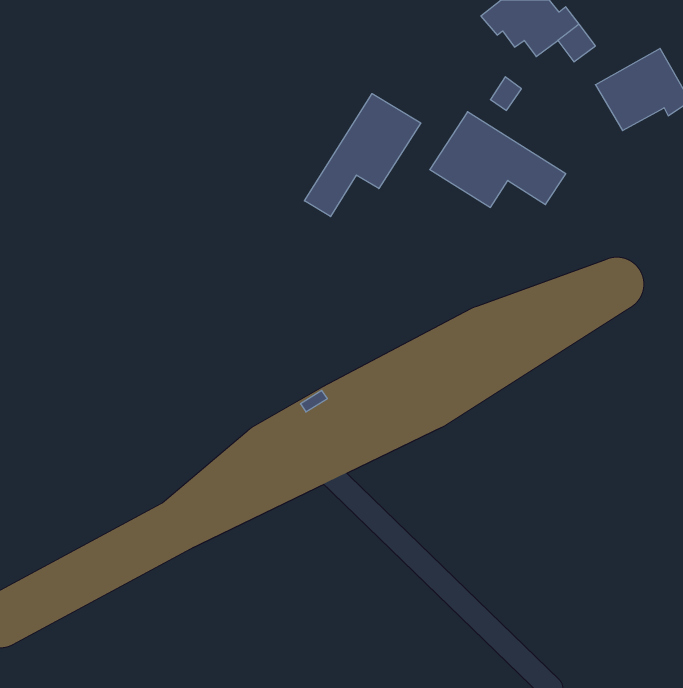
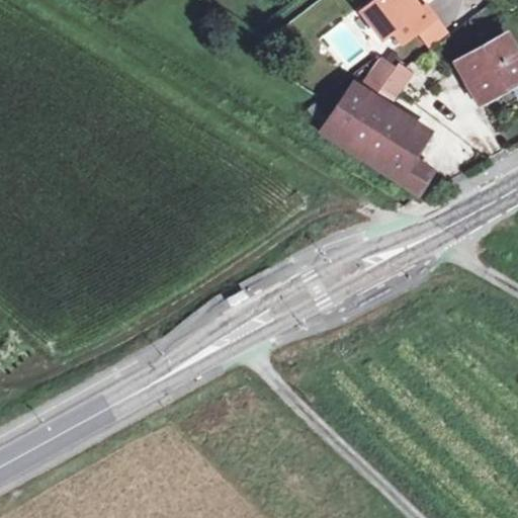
building: [304,94,421,217] -> none
building: none -> [372,136,431,188]

